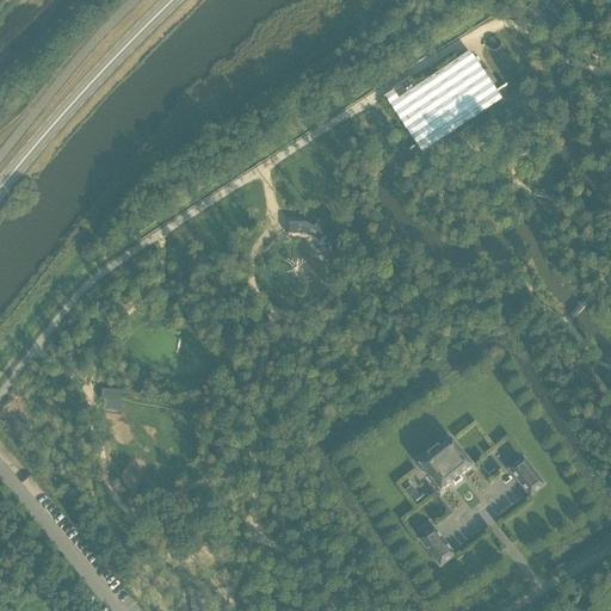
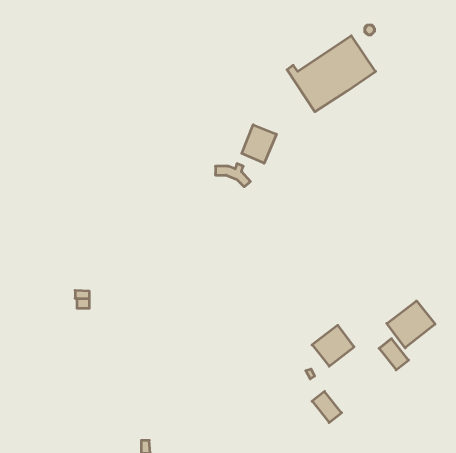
building: none -> [242,125,276,163]
building: none -> [387,301,435,348]

